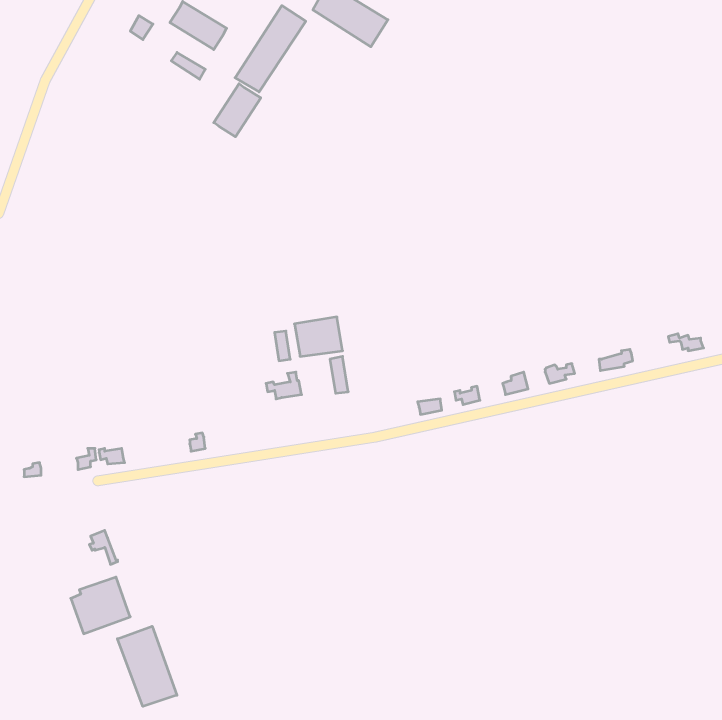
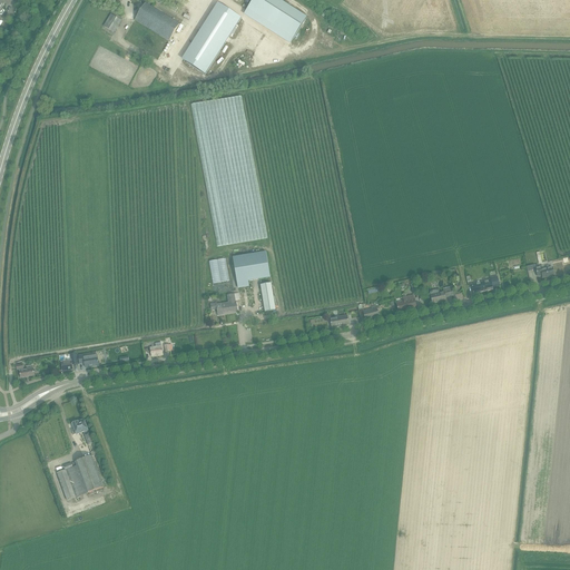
building: [214,84,261,137] -> none
building: [117,626,177,706] -> none

